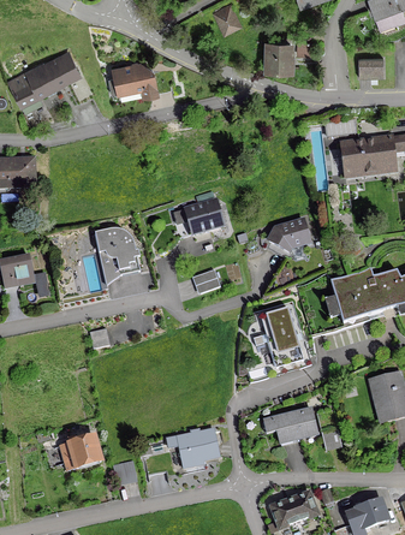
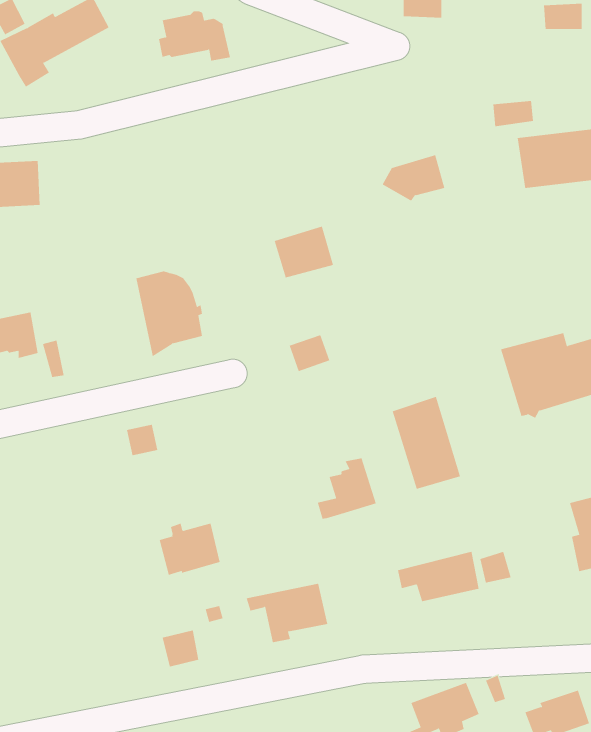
building: [268,220,309,250] -> [382,155,445,201]
building: none -> [317,457,377,520]
building: [60,435,100,469] -> [159,523,221,575]

